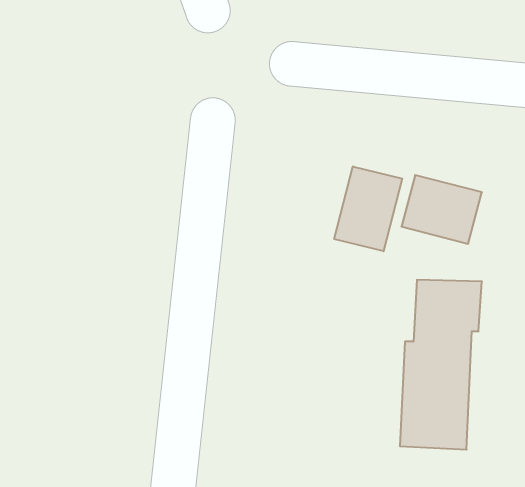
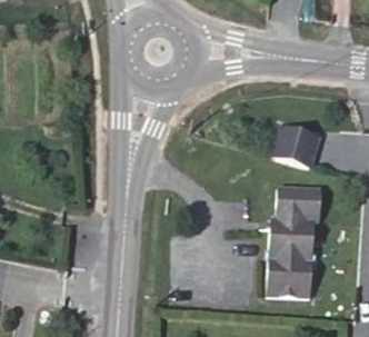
building: [334,166,402,251] -> none

